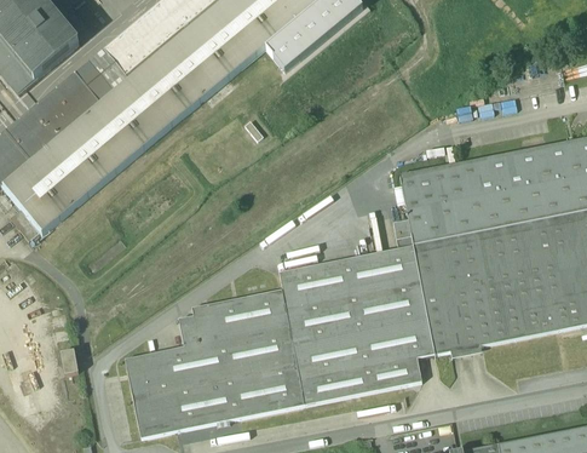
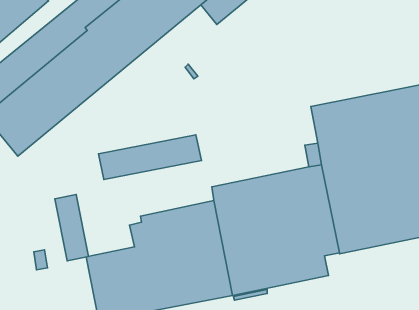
building: none -> [98,135,201,180]
building: none -> [55,194,88,261]

